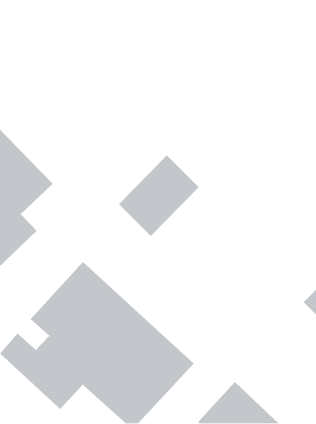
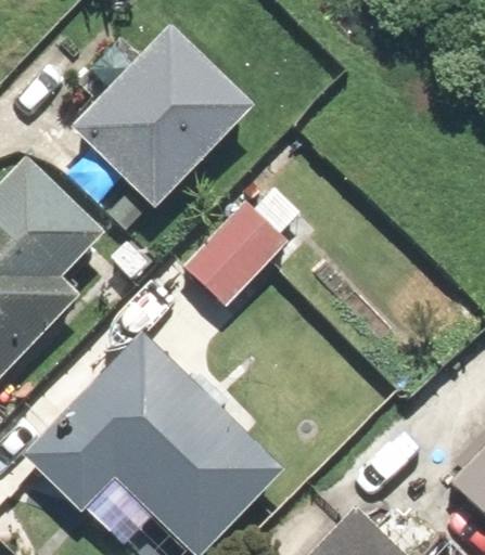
building: none -> [73,25,252,205]

